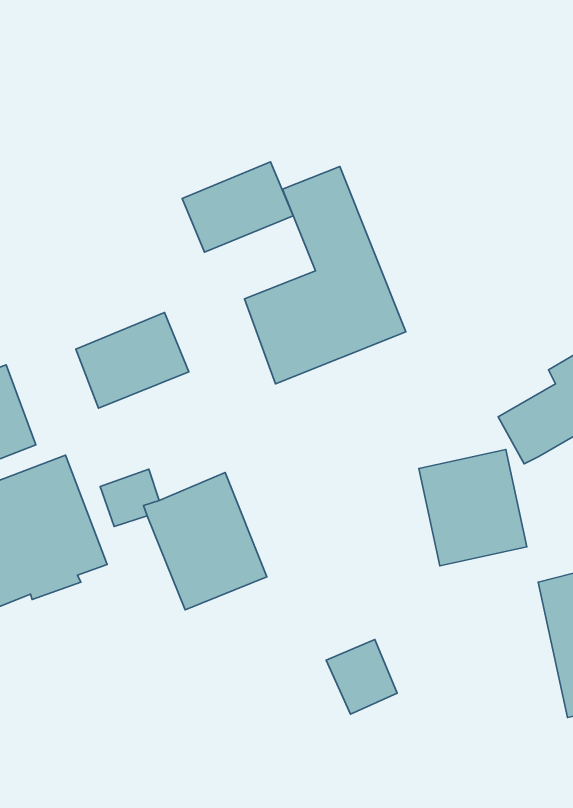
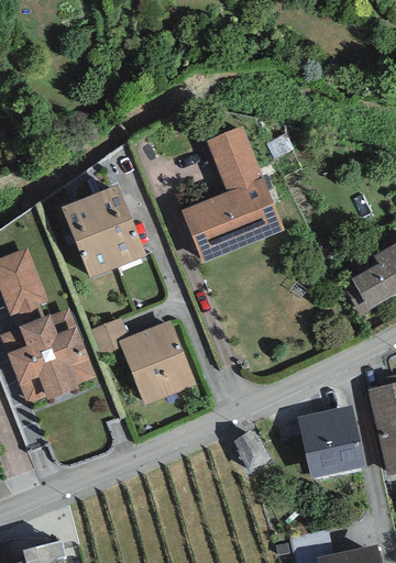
building: [182,162,293,252] -> [60,184,131,241]
building: [419,449,527,566] -> [297,405,365,478]

